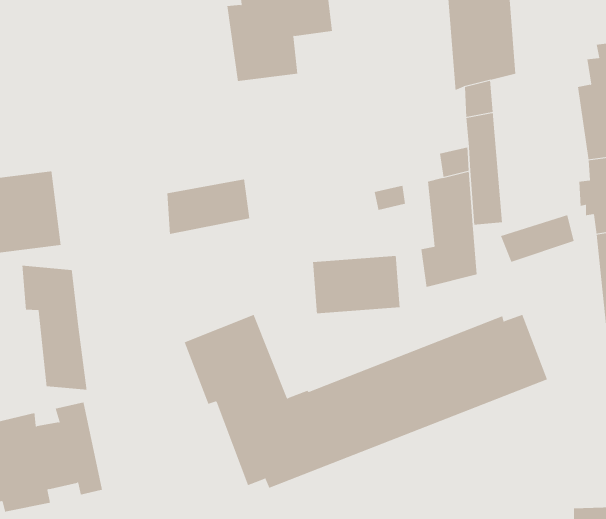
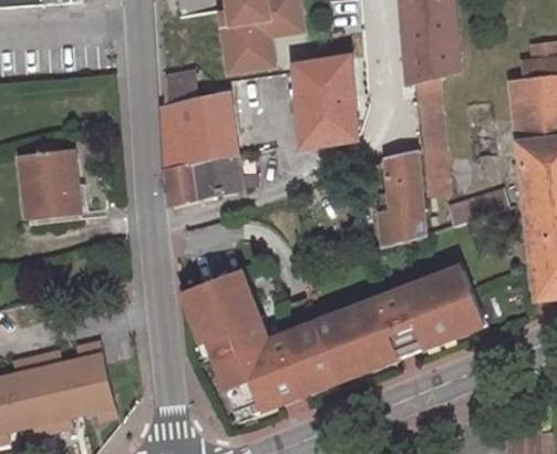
building: none -> [293,56,357,147]
building: none -> [162,70,233,168]
building: [313,255,400,314] -> none
building: [22,265,87,391] -> none

